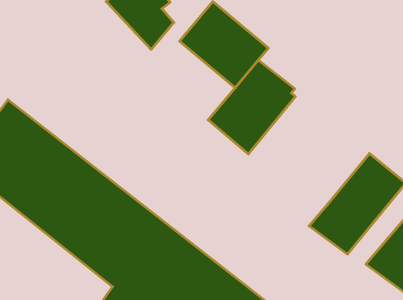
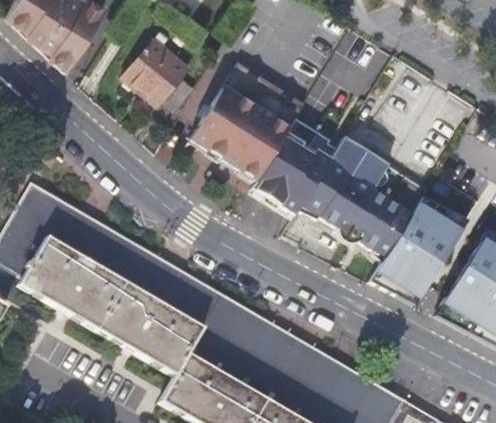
building: none -> [188,107,273,178]
building: none -> [300,137,429,258]

